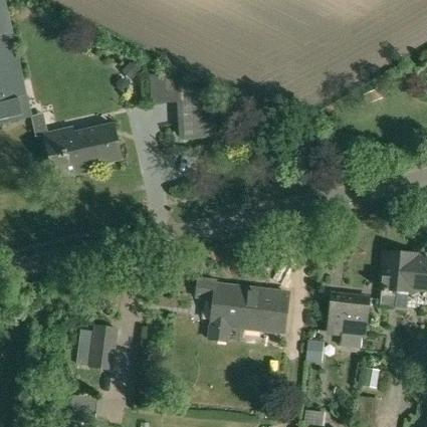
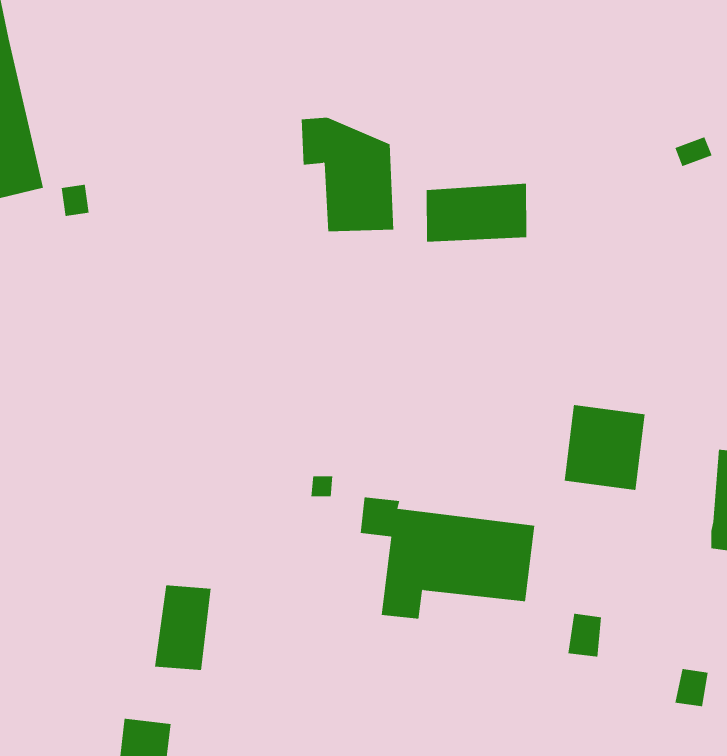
building: none -> [426,183,527,242]
building: [43,125,119,177] -> none
building: [326,291,369,337] -> [564,405,646,490]

